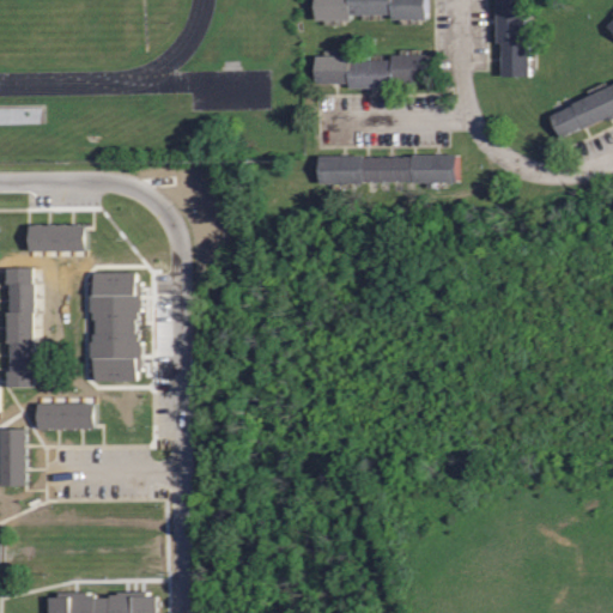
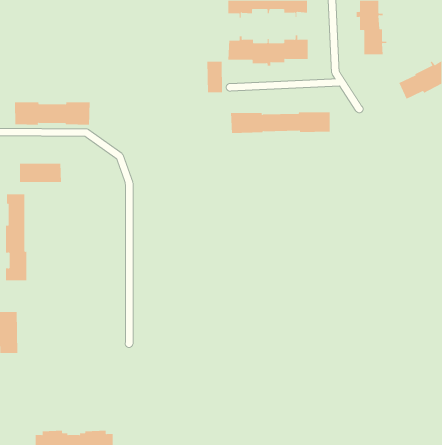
building: none -> [207,61,223,93]
building: none -> [15,101,90,125]
building: [87,273,140,381] -> none
building: [37,402,95,429] -> none

